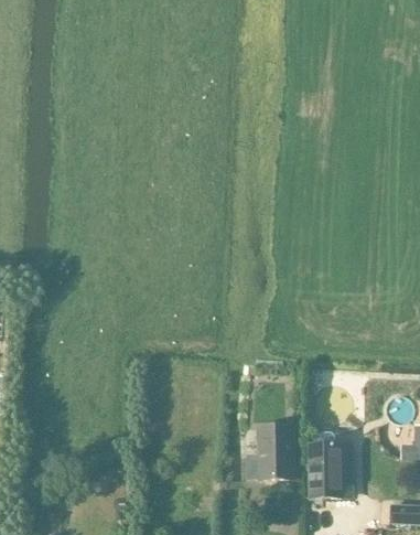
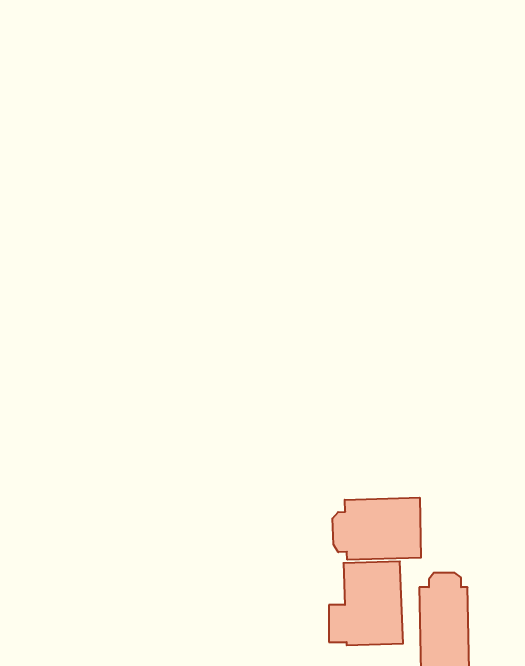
building: none -> [332,498,421,560]

